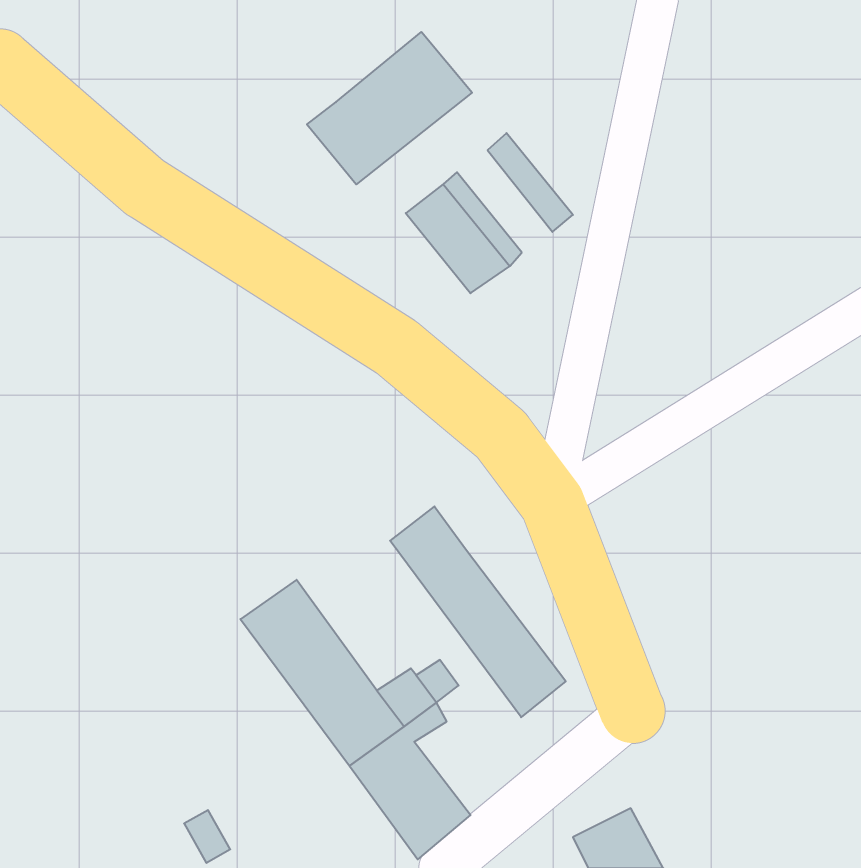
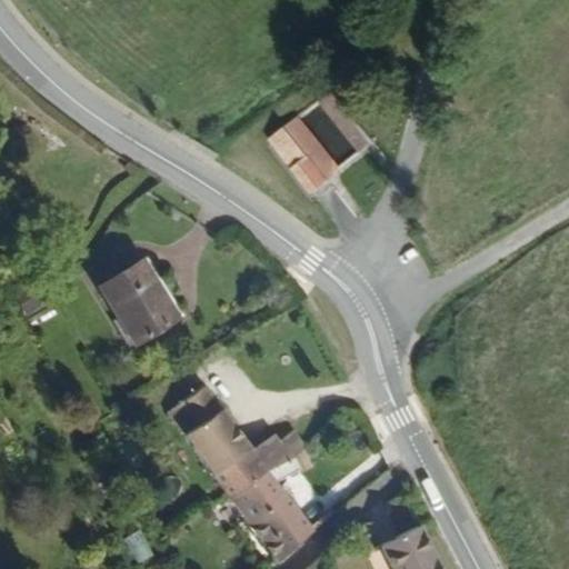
building: [307,32,472,184] -> none
building: none -> [99,262,177,345]
building: [390,506,566,717] -> none

